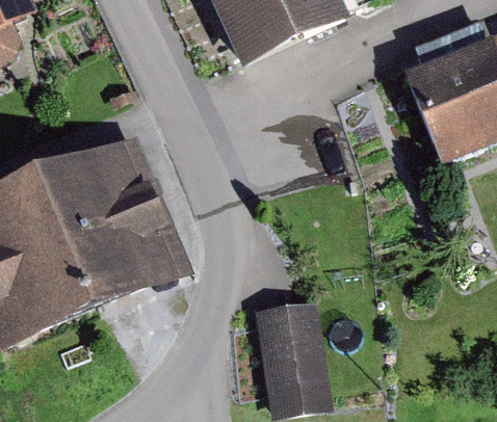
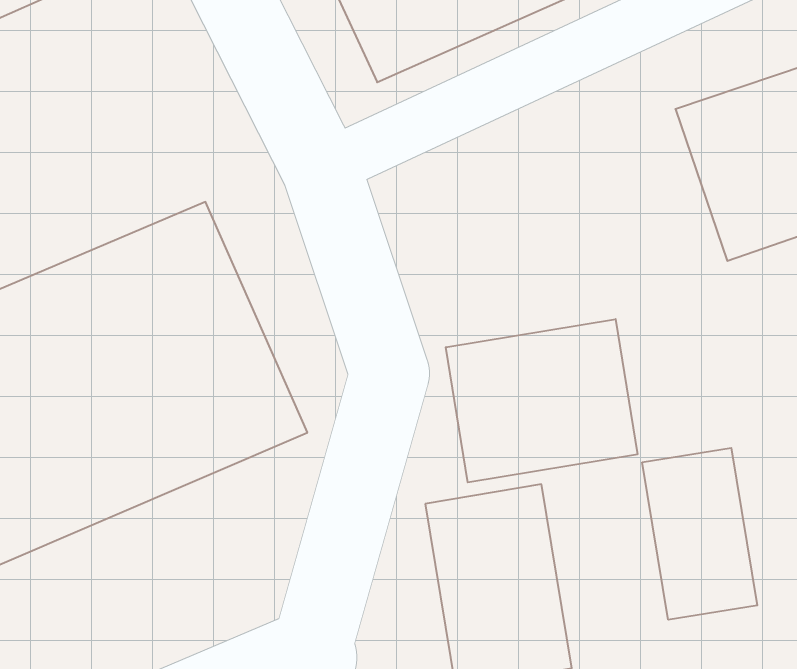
building: none -> [446,319,637,482]
building: none -> [642,448,757,620]

